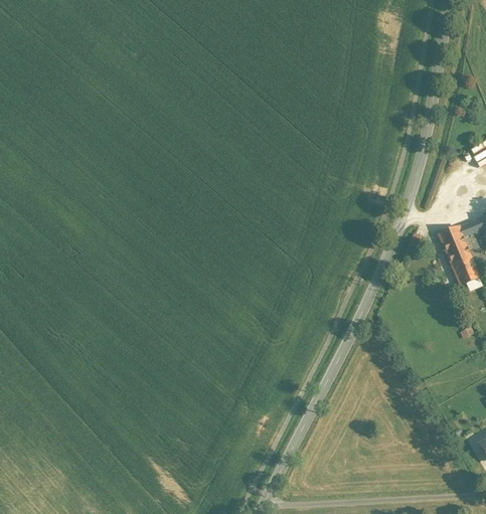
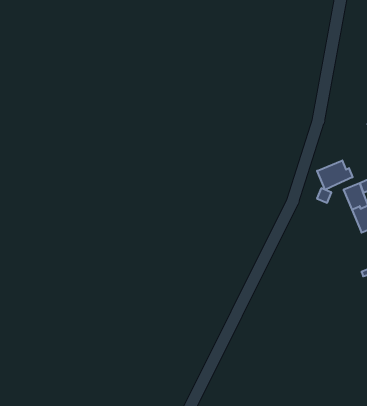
building: none -> [317,160,353,190]

